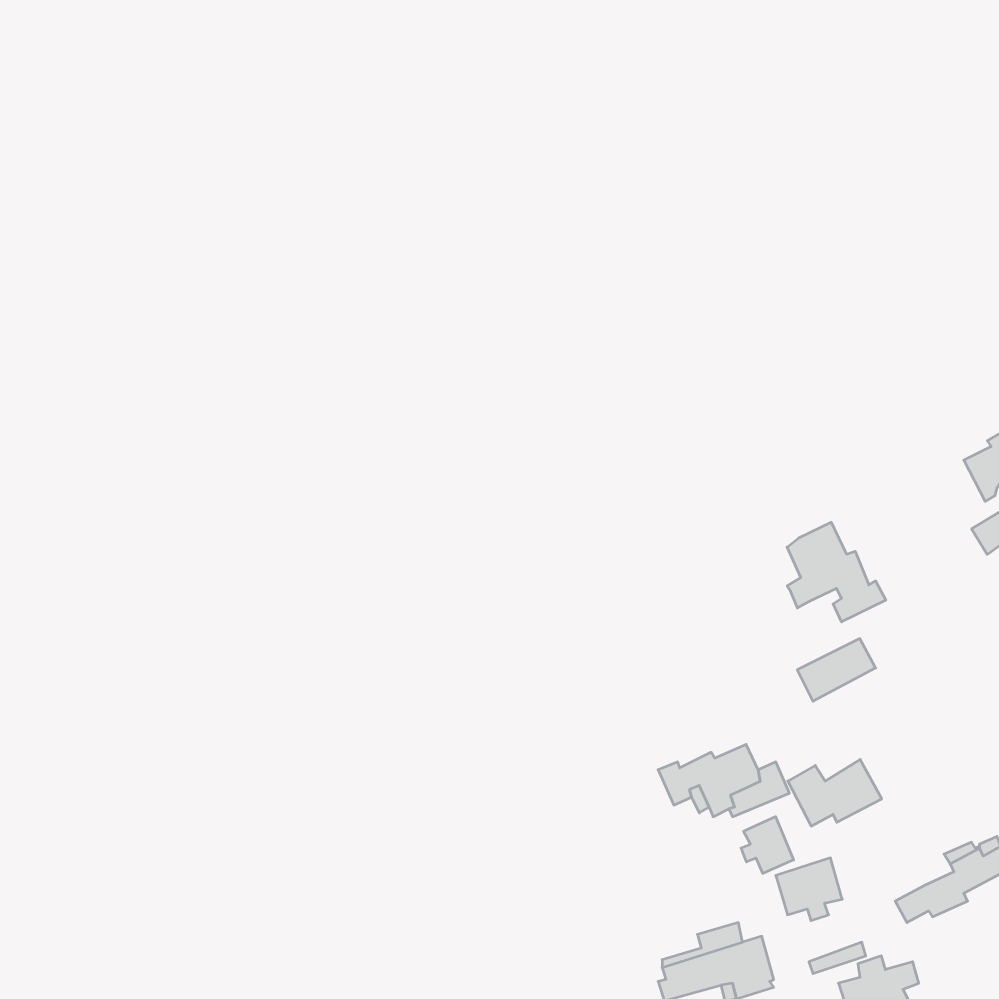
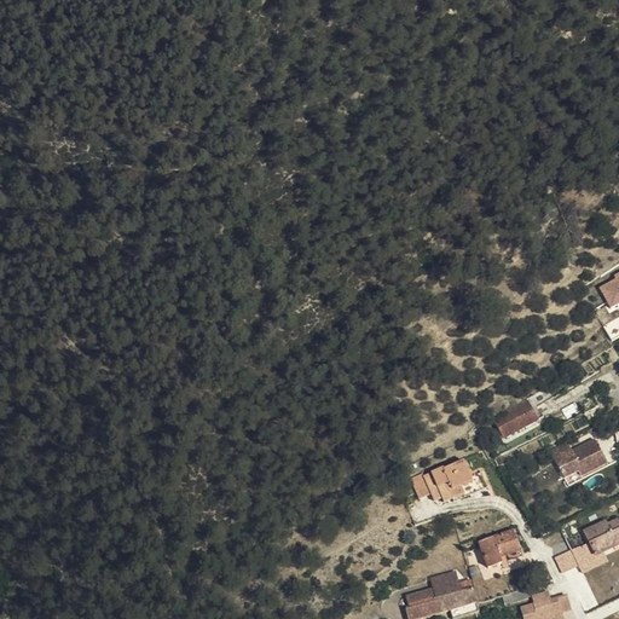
building: [787,522,886,622] -> none
building: [788,759,882,826] -> [549,435,607,476]
building: [741,817,794,873] -> none

